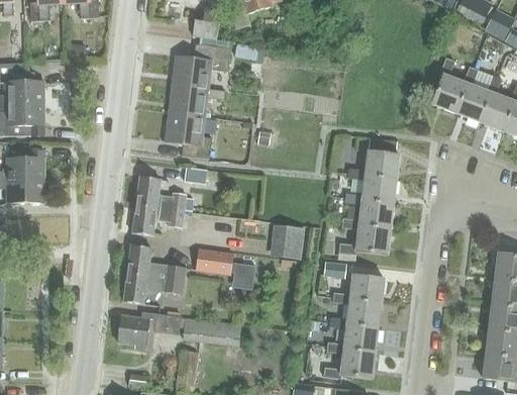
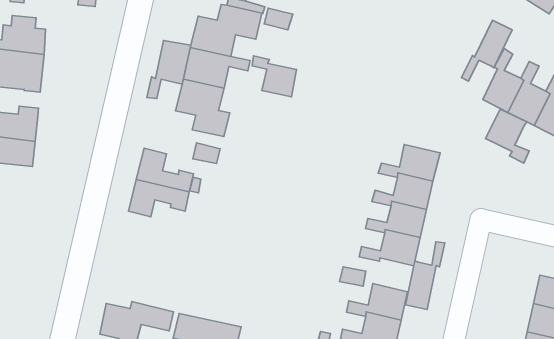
building: none -> [462,20,512,81]
building: none -> [147,40,191,99]
building: none -> [252,56,296,97]
building: none -> [485,109,529,163]
building: [276,226,304,261] -> none
building: none -> [406,242,445,309]
building: [123,244,185,304] -> none
building: [197,250,255,289] -> none

